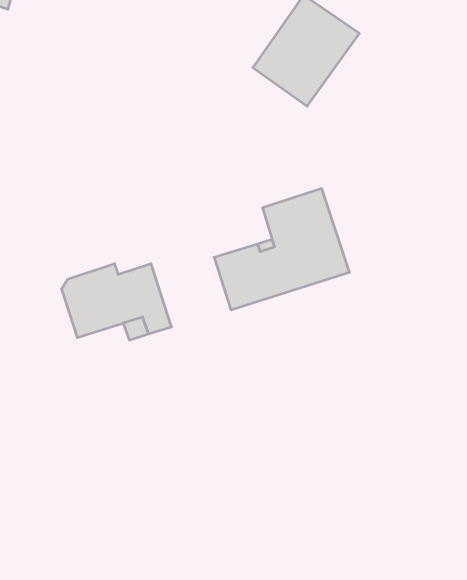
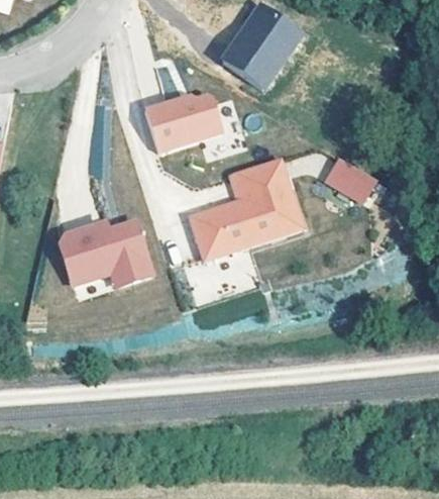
building: none -> [144,97,223,154]
building: none -> [321,158,373,203]

